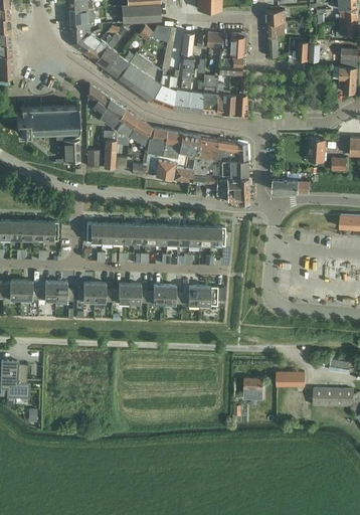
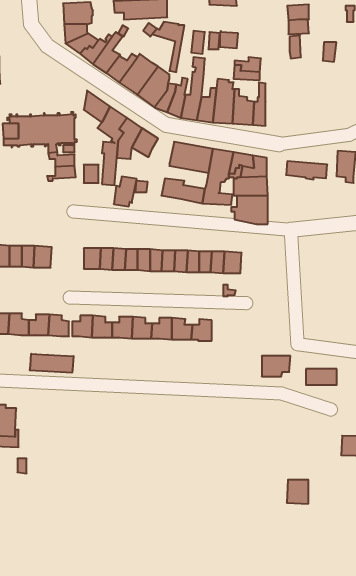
building: [221,35,243,54] -> none
building: [146,128,166,154] -> [114,177,137,206]
building: [273,178,309,194] -> [286,161,327,179]
building: [199,287,224,305] -> [262,356,290,376]
building: none -> [30,354,74,373]
building: [277,371,304,385] -> [306,369,337,385]
building: [244,378,263,399] -> [287,480,308,504]

